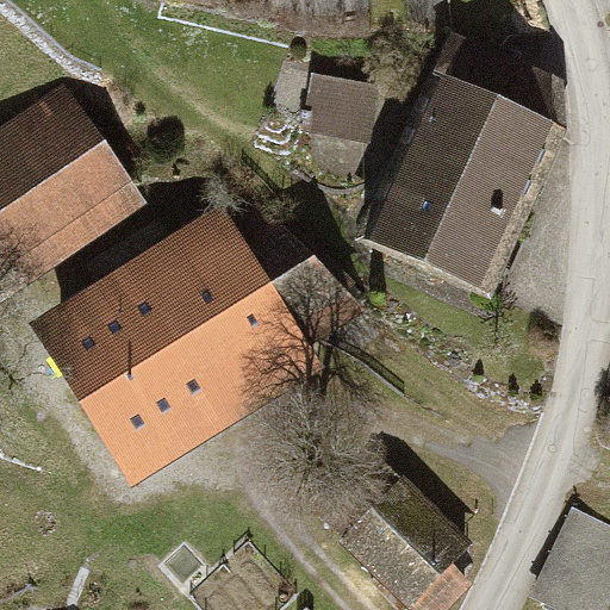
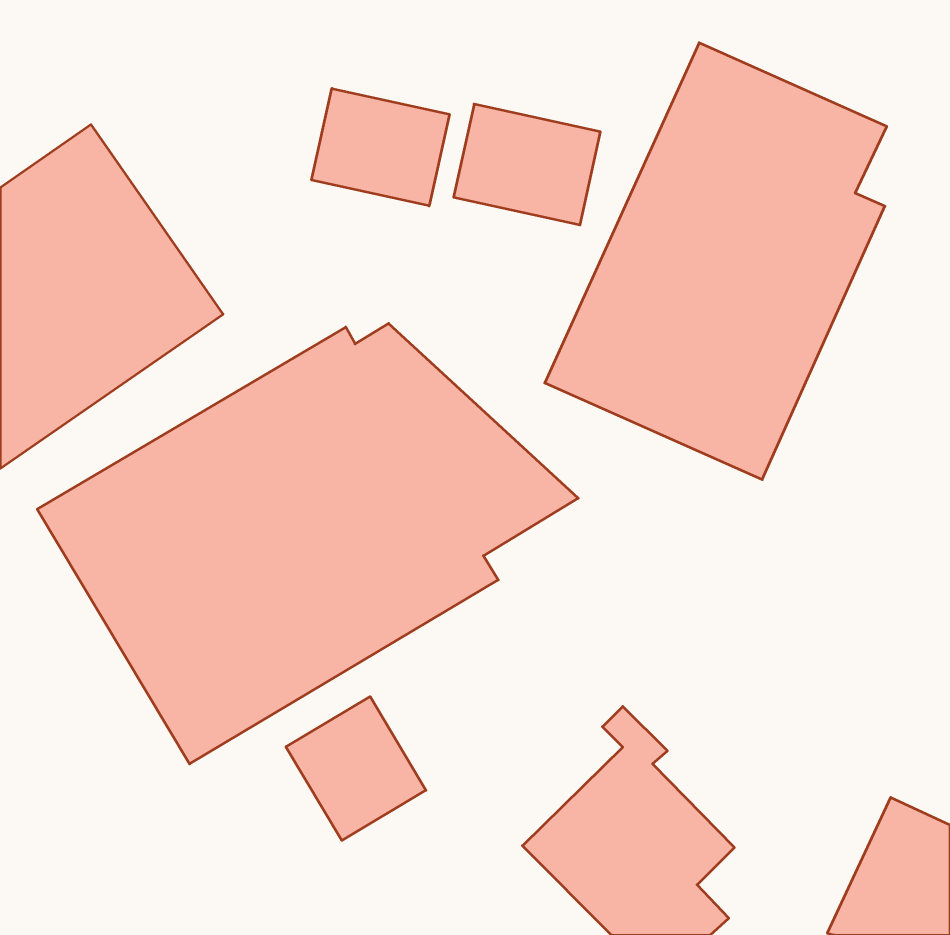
building: none -> [312,88,449,206]
building: none -> [286,697,426,840]

